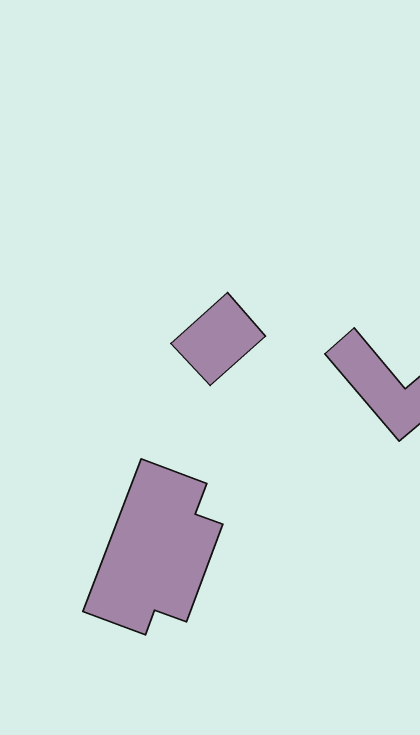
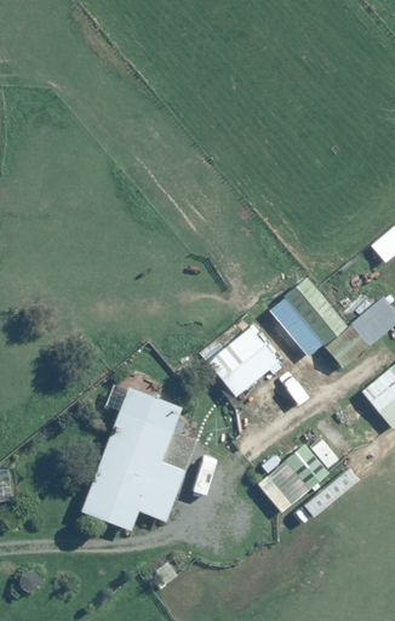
building: [171,292,266,386] -> [200,324,279,401]
building: none -> [256,439,330,513]

